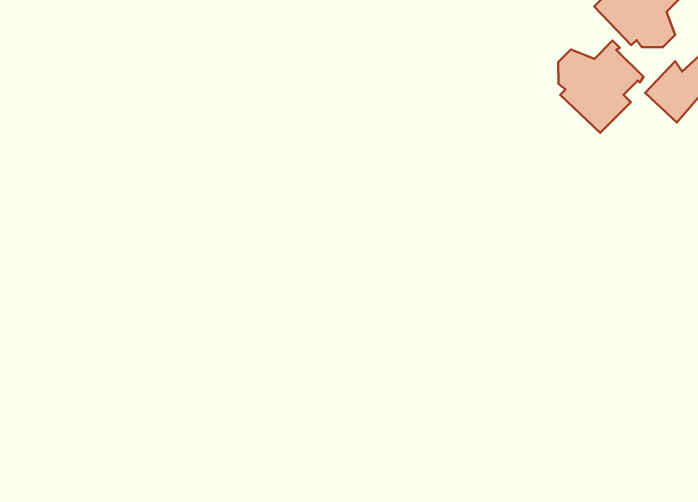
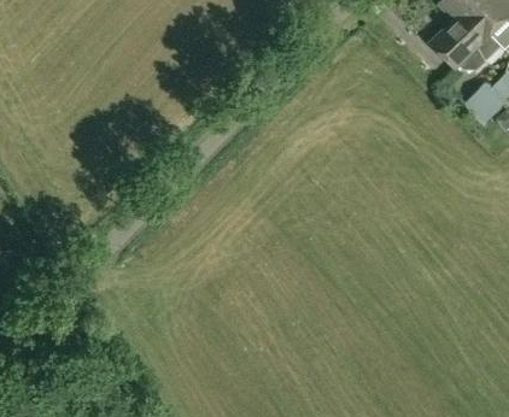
building: [558,41,643,133] -> none

